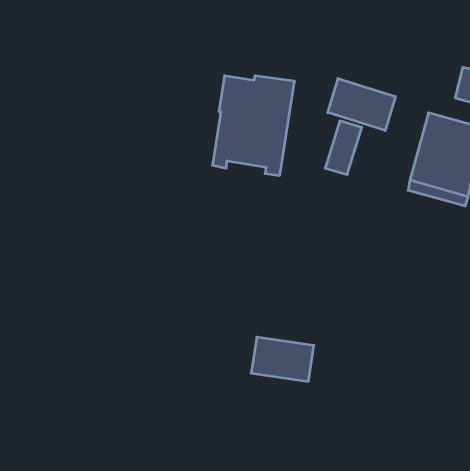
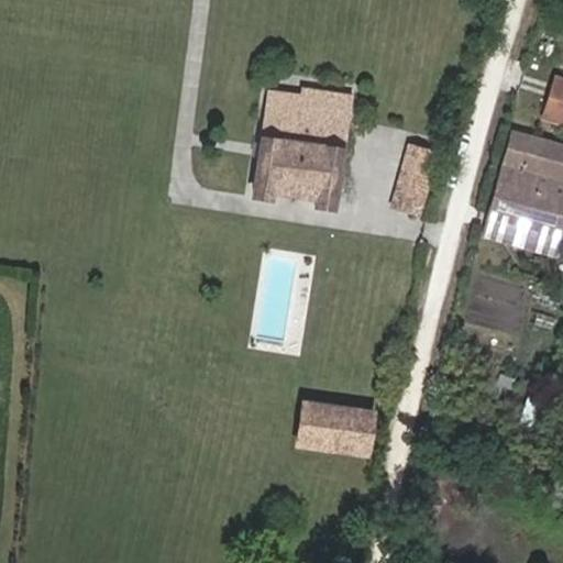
building: [328,78,395,131] -> none

